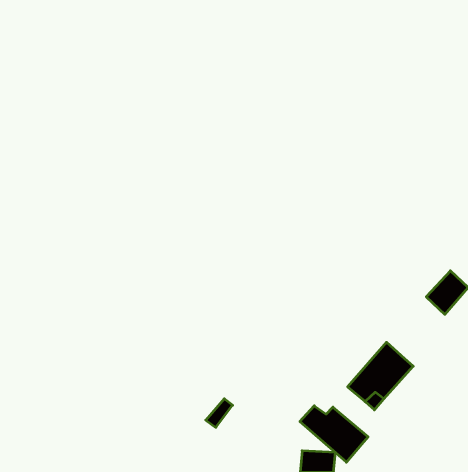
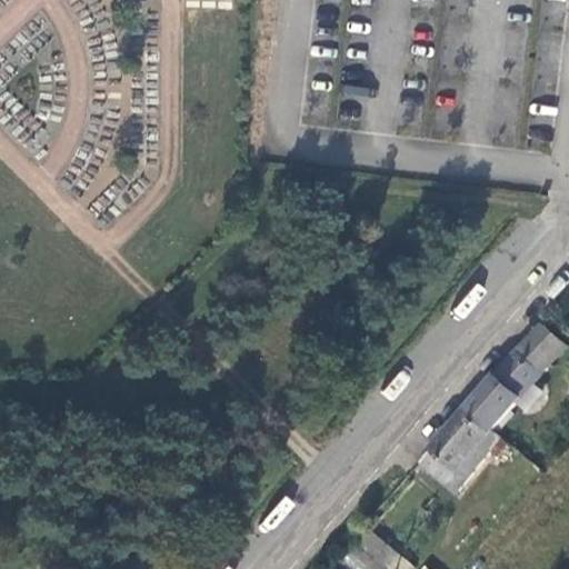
building: none -> [463,356,533,430]
building: [300,406,368,462] -> none

